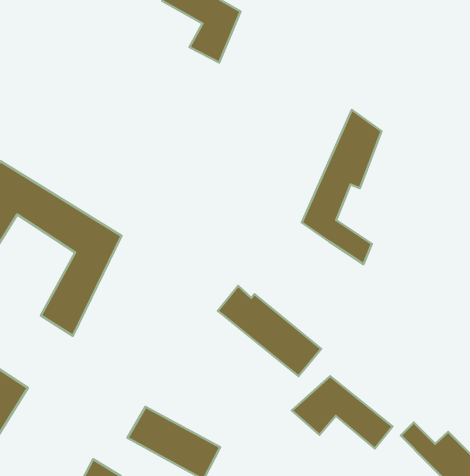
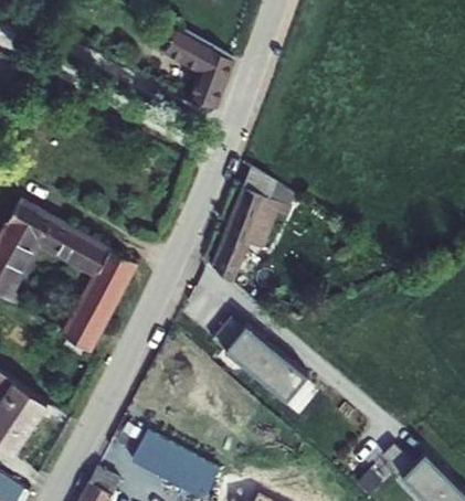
building: [302,110,381,264] -> [210,170,284,313]
building: [292,376,392,448] -> none

